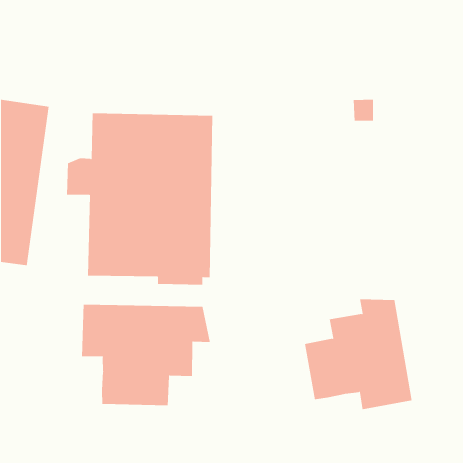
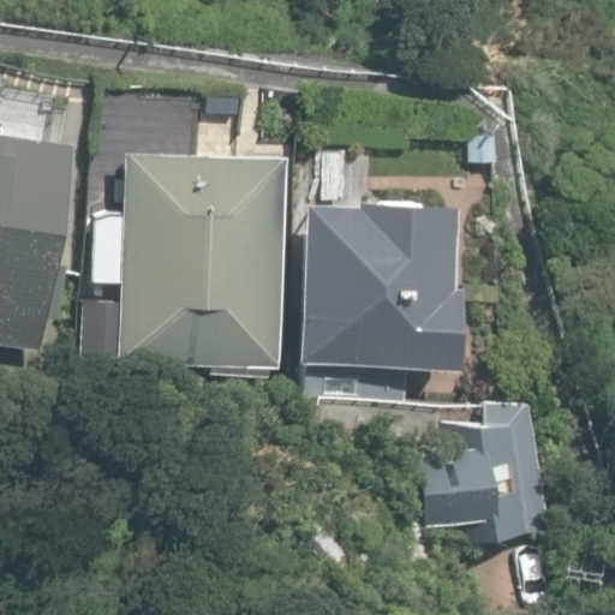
building: none -> [300,203,458,369]
building: [82,304,210,406] -> none

